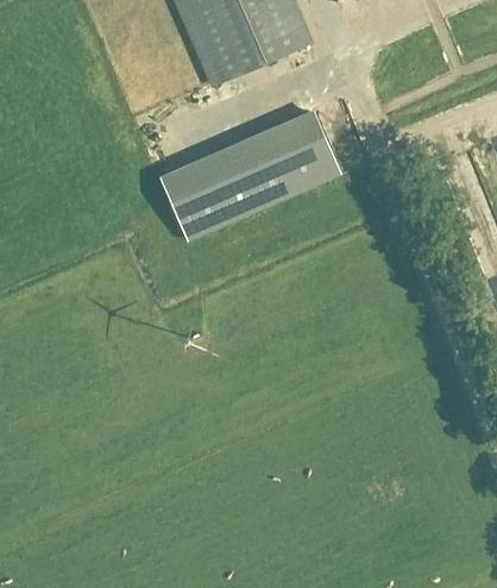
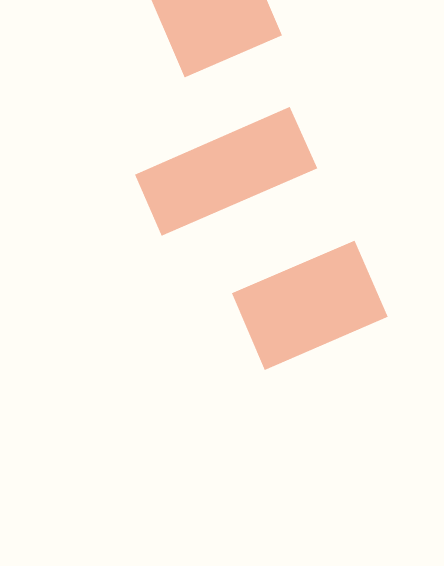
building: none -> [231,240,388,371]

